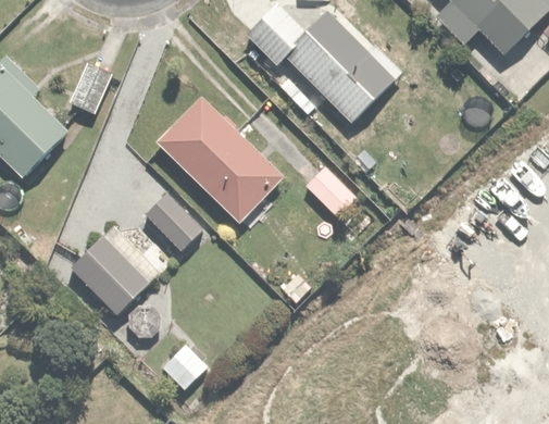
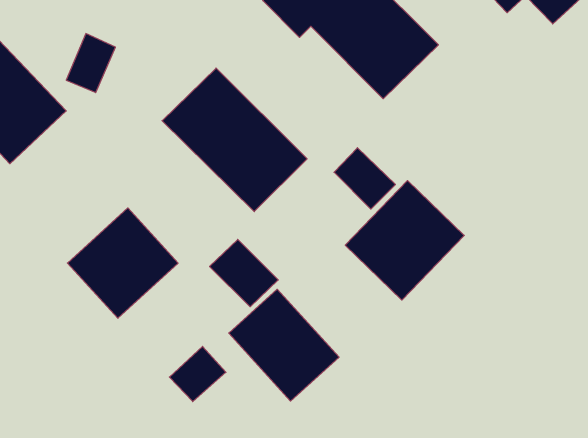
building: [141,194,202,253] -> [210,239,278,307]
building: none -> [345,181,464,300]
building: none -> [229,289,339,401]

